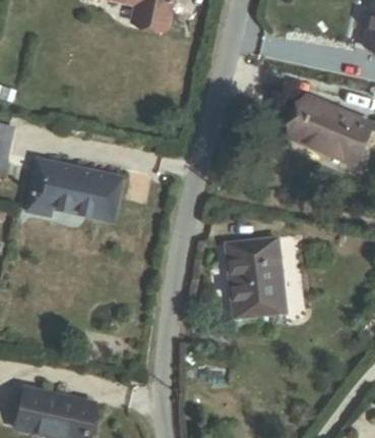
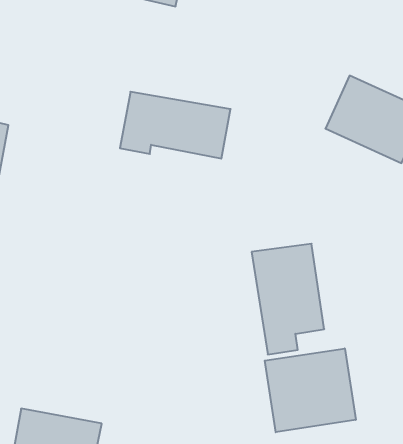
building: [24,163,122,222] -> [120,92,231,159]
building: none -> [265,348,356,432]

